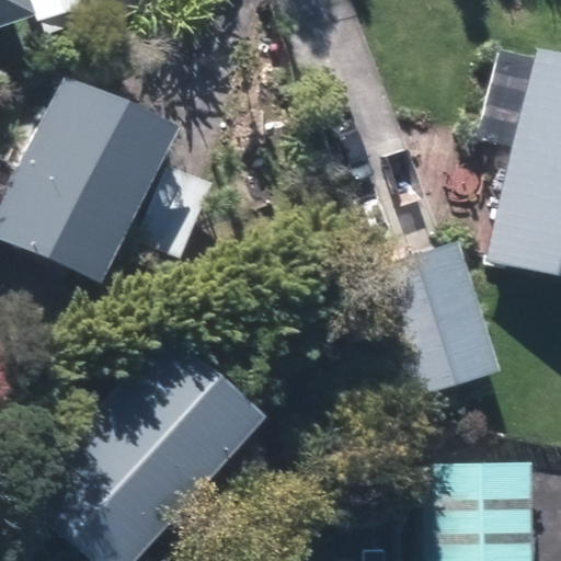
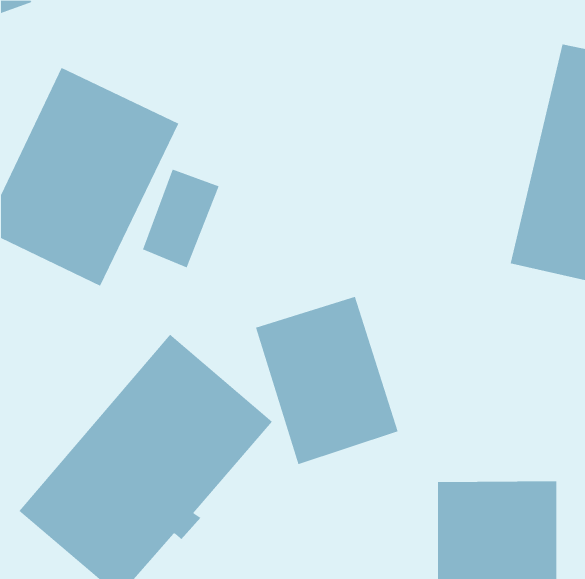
building: [367,245,503,405] -> [255,296,398,465]

